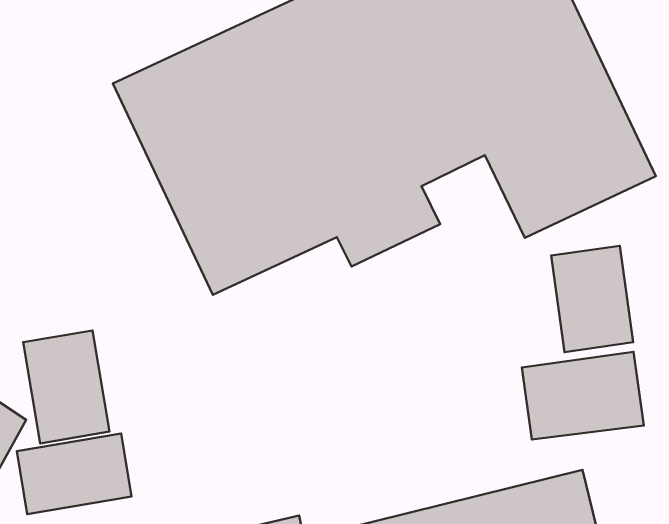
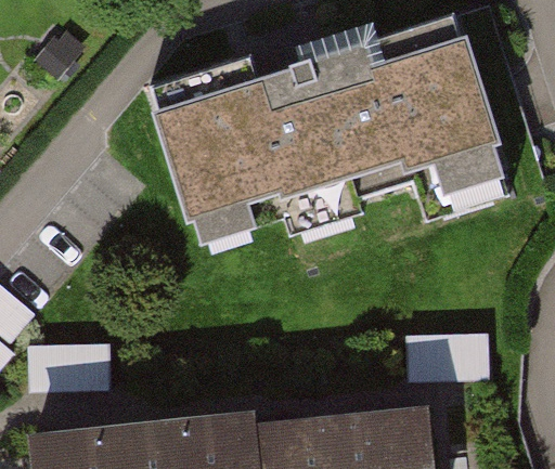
building: [551,246,633,352] -> none
building: [23,330,110,444] -> none

